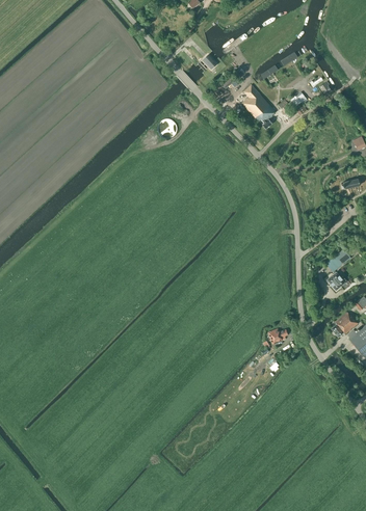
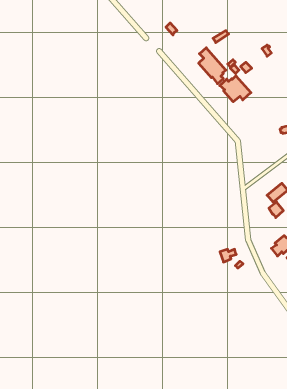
building: none -> [220,76,251,102]

